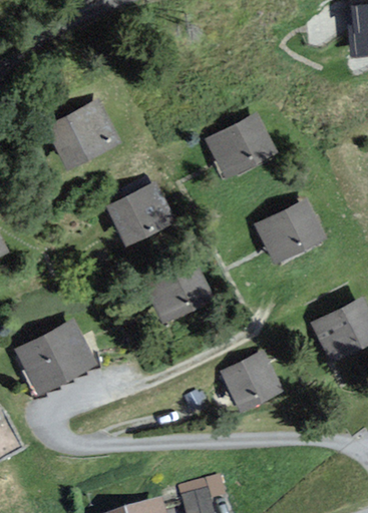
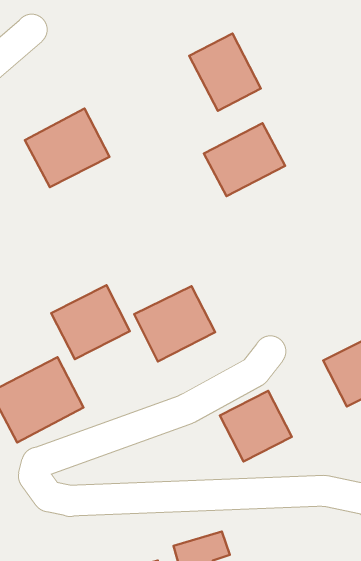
building: none -> [189,34,261,111]
building: [106,179,176,245] -> [51,285,130,359]
building: [255,196,328,264] -> none

